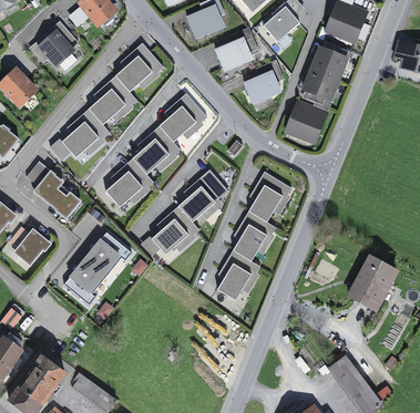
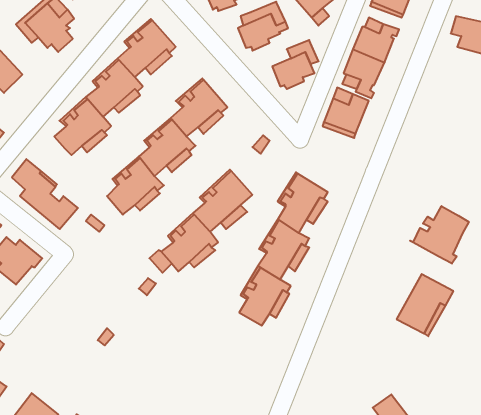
building: none -> [410,206,469,264]
building: [63,233,131,306] -> none

